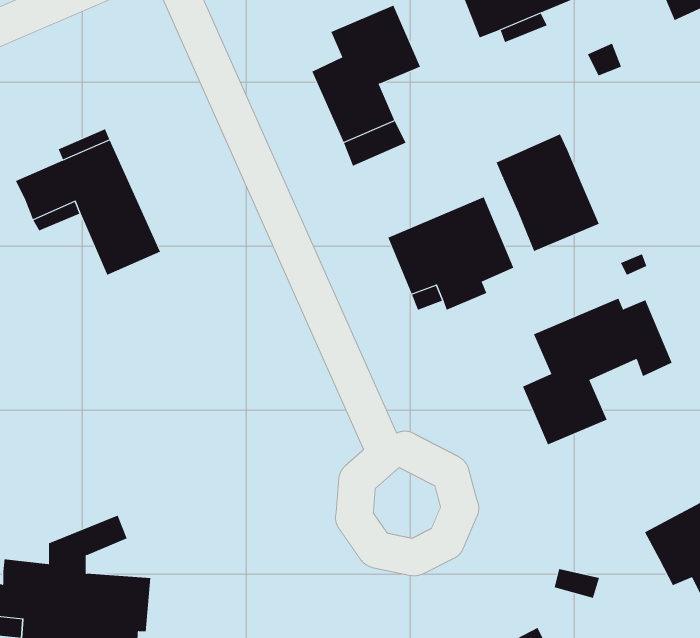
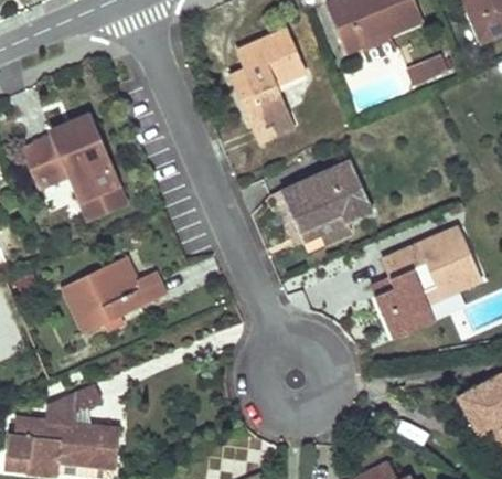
building: [496,134,599,252] -> none
building: none -> [61,258,164,334]

